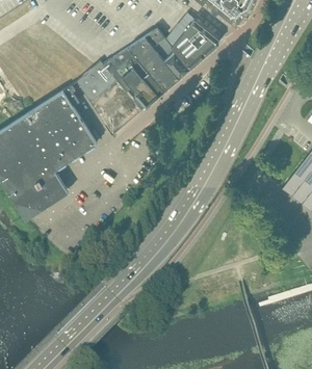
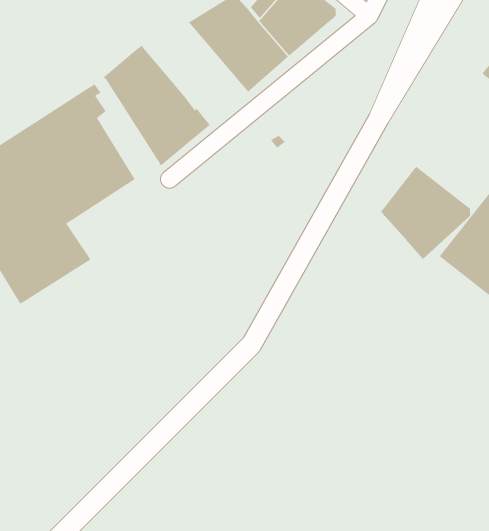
building: [102,47,164,109] -> none
building: none -> [380,166,471,260]

